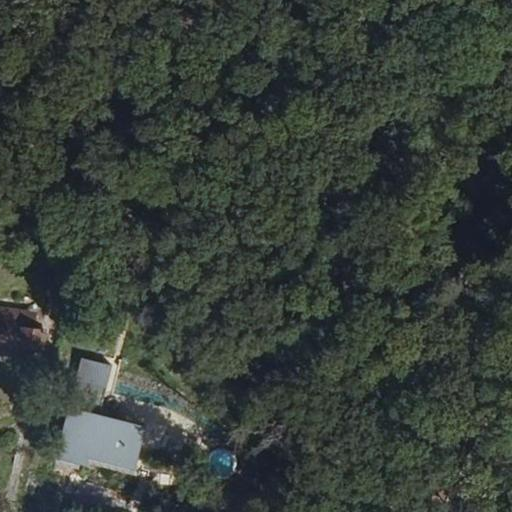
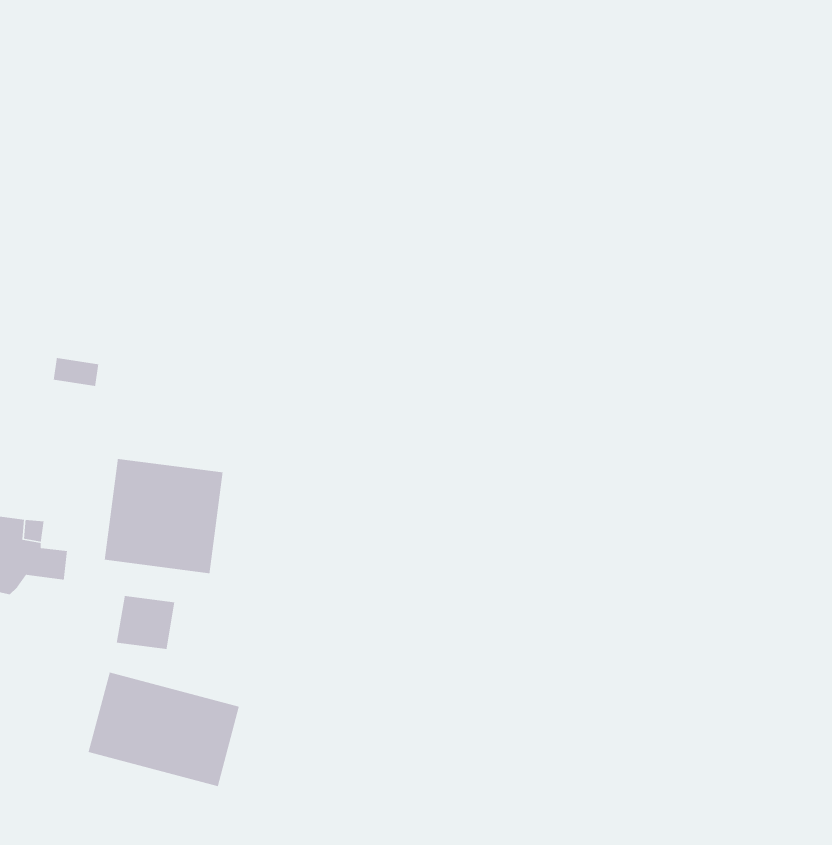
building: none -> [104,458,223,574]

